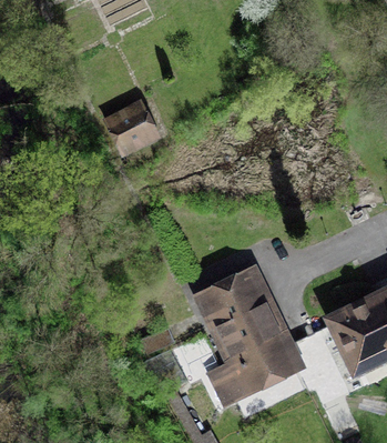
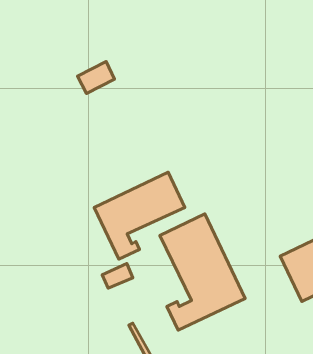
building: none -> [94,172,185,259]

